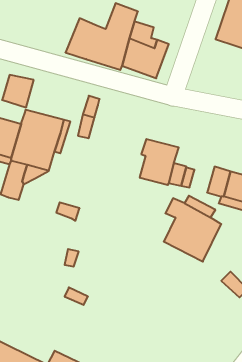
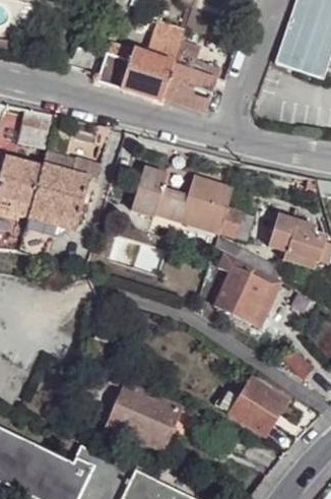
building: none -> [130,175,191,231]
building: none -> [228,381,285,438]
building: none -> [107,384,179,448]

